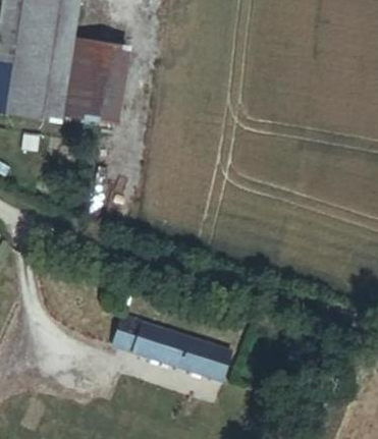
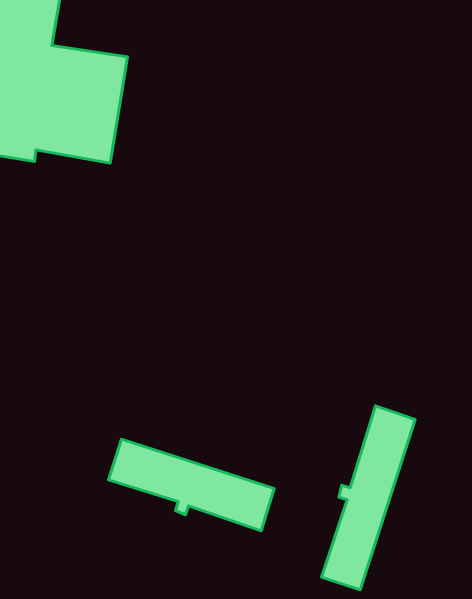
building: none -> [321,406,415,590]

